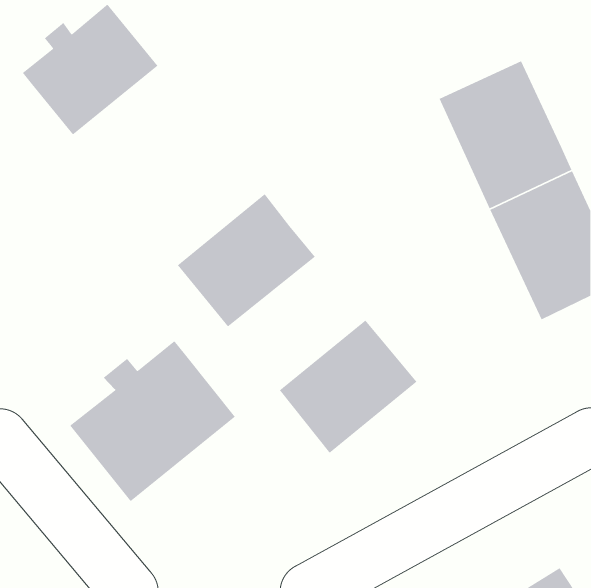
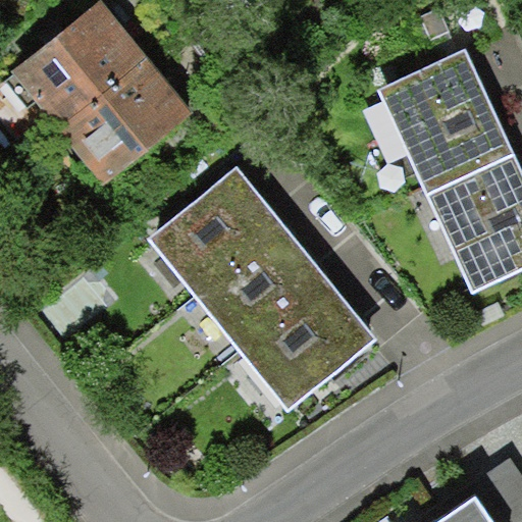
building: none -> [64,61,184,176]
building: none -> [201,229,322,347]
building: [69,340,236,502] -> none

